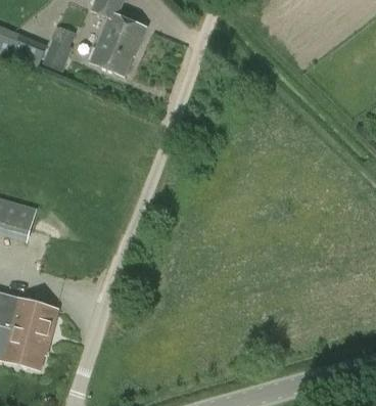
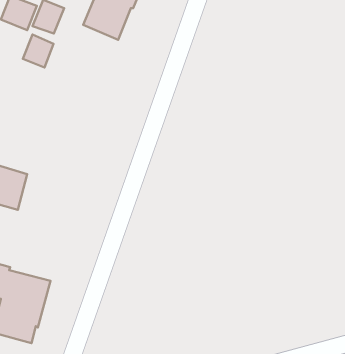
building: none -> [23,35,54,67]

